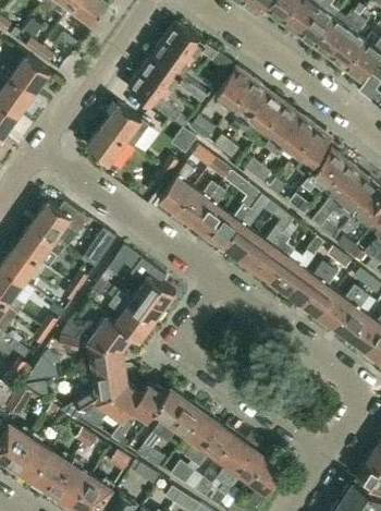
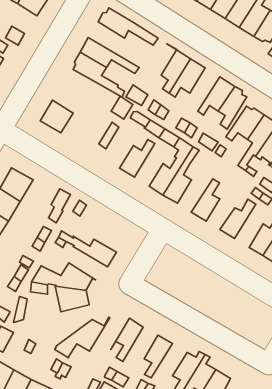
building: [150,39,213,97] -> none
building: [207,70,253,118] -> none
building: [102,104,149,150] -> none
building: [263,104,300,154] -> none
building: [158,163,193,212] -> none
building: [190,187,225,236] -> none
building: [238,206,293,271] -> none
building: [270,236,323,294] -> none
building: [131,259,174,311] -> none
building: [302,268,336,318] -> none
building: [106,300,150,343] -> none
building: [61,369,127,423] -> none
building: [111,387,171,443] -> none
building: [159,401,202,443] -> none
building: [190,423,235,466] -> none

